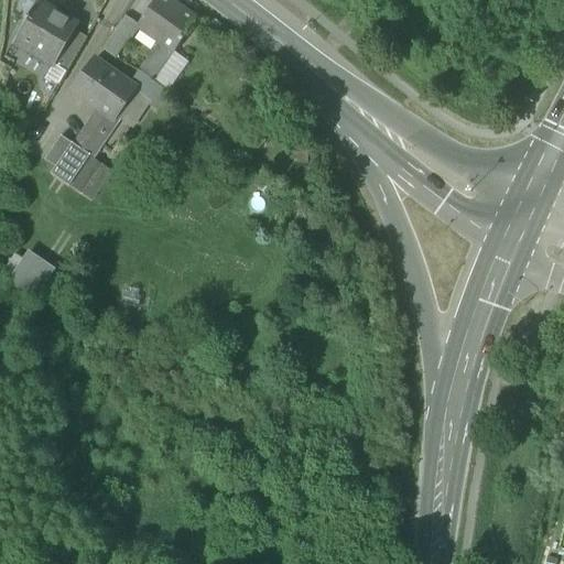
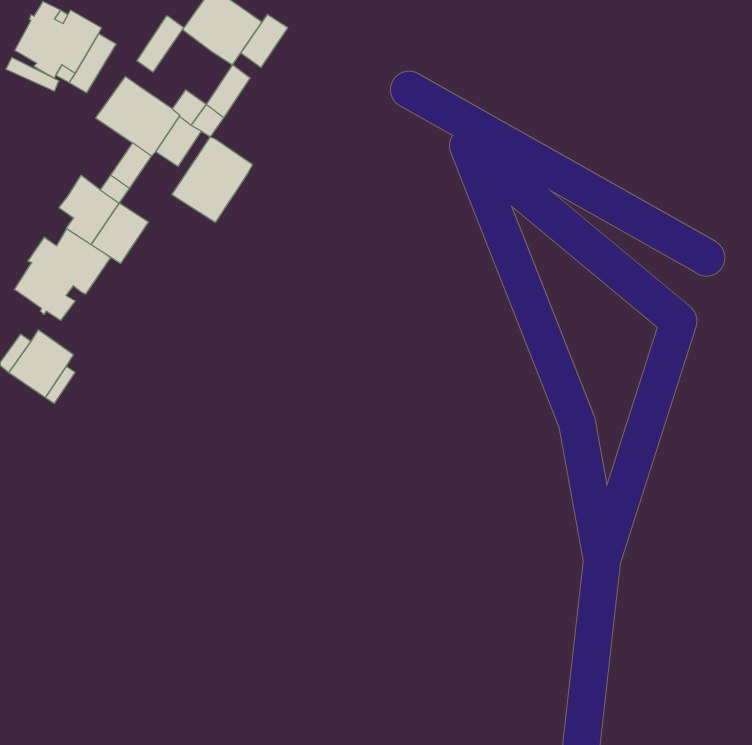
building: [139,39,174,78] -> [241,15,288,68]
building: none -> [172,137,252,222]
building: none -> [14,229,110,320]

